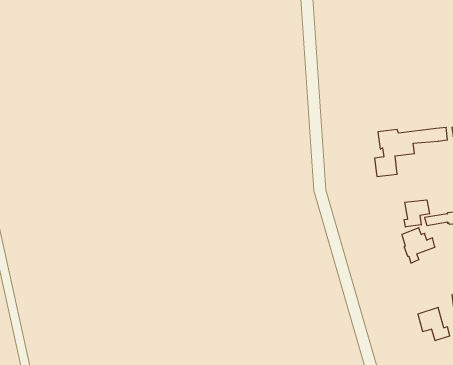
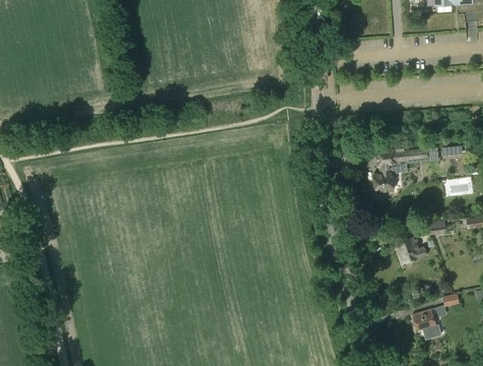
building: [404,200,429,227] -> none

